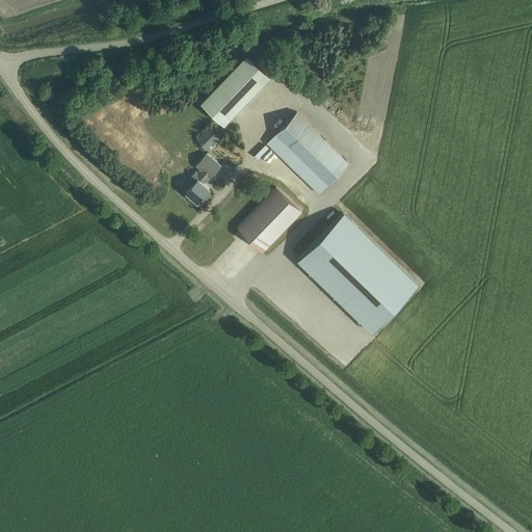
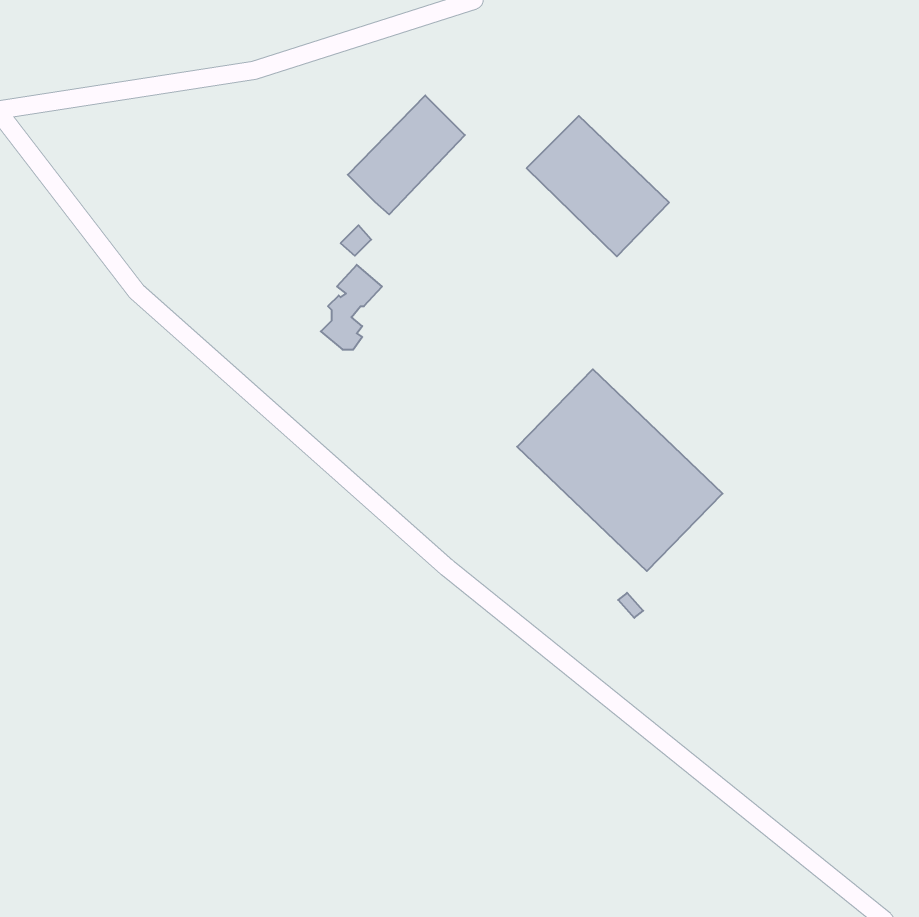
building: [266,114,348,195] -> [527,116,669,256]
building: [238,189,301,252] -> none

